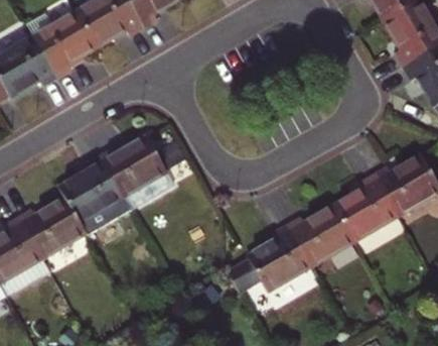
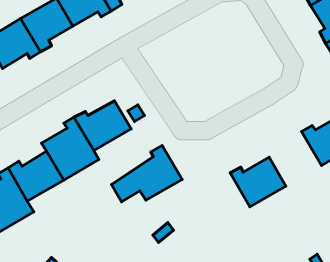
building: [334,172,398,239] -> none
building: [226,223,311,292] -> [112,145,182,202]

